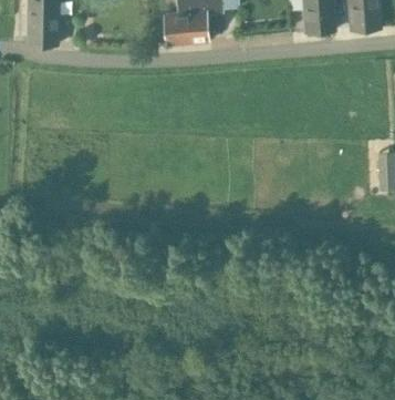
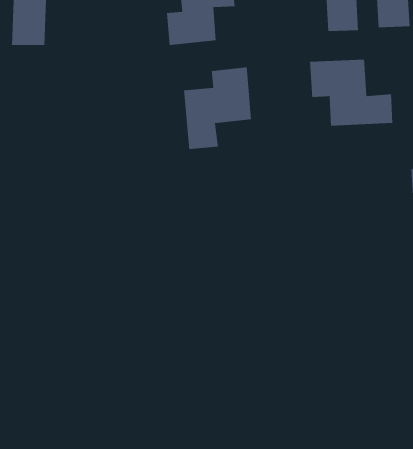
building: none -> [309,59,393,127]
building: none -> [183,67,252,150]

